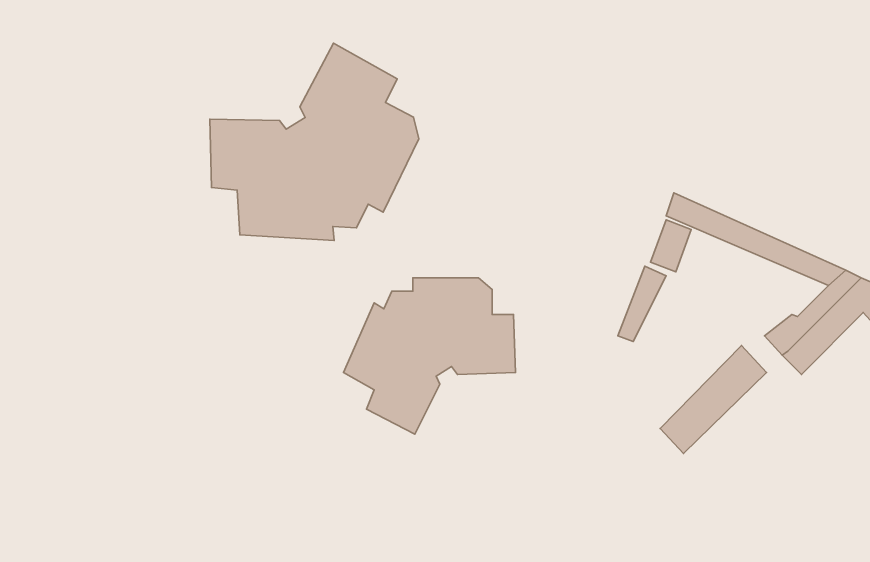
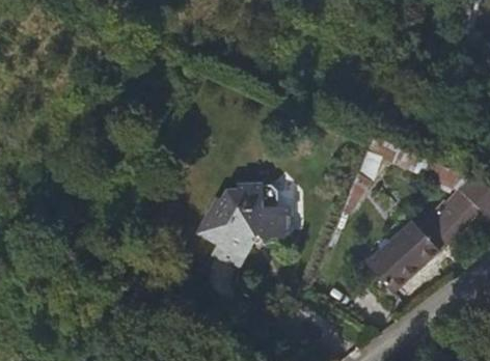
building: [210,43,419,241] -> none
building: none -> [381,233,442,294]

